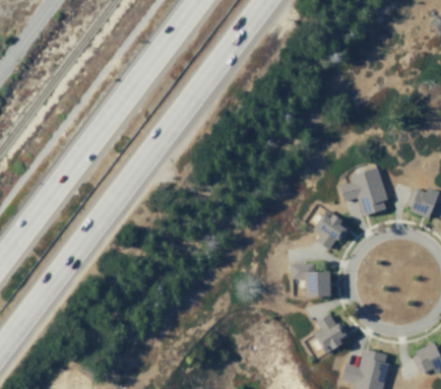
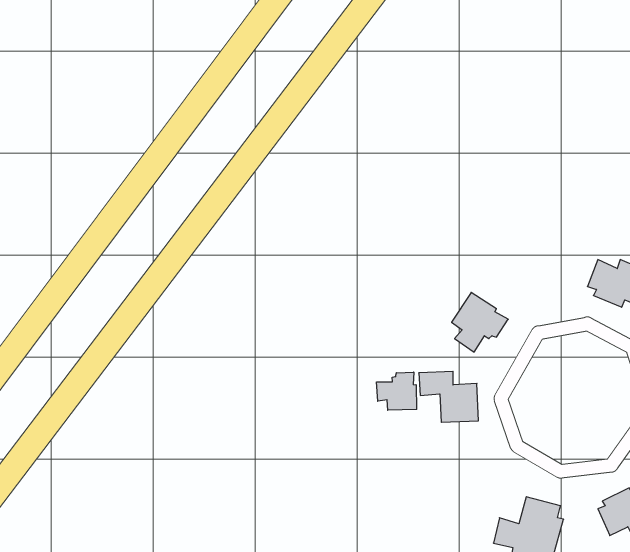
building: [340,168,388,216] -> none
building: none -> [377,372,417,410]
building: [313,313,352,353] -> none

